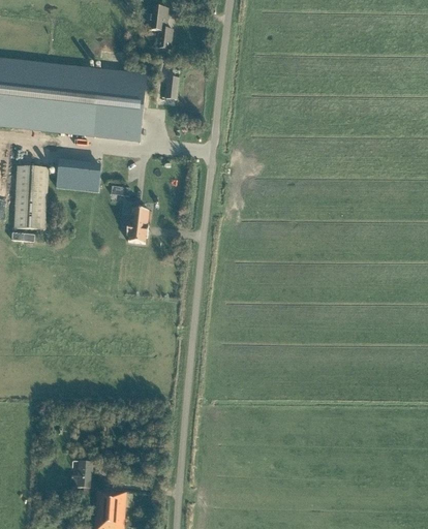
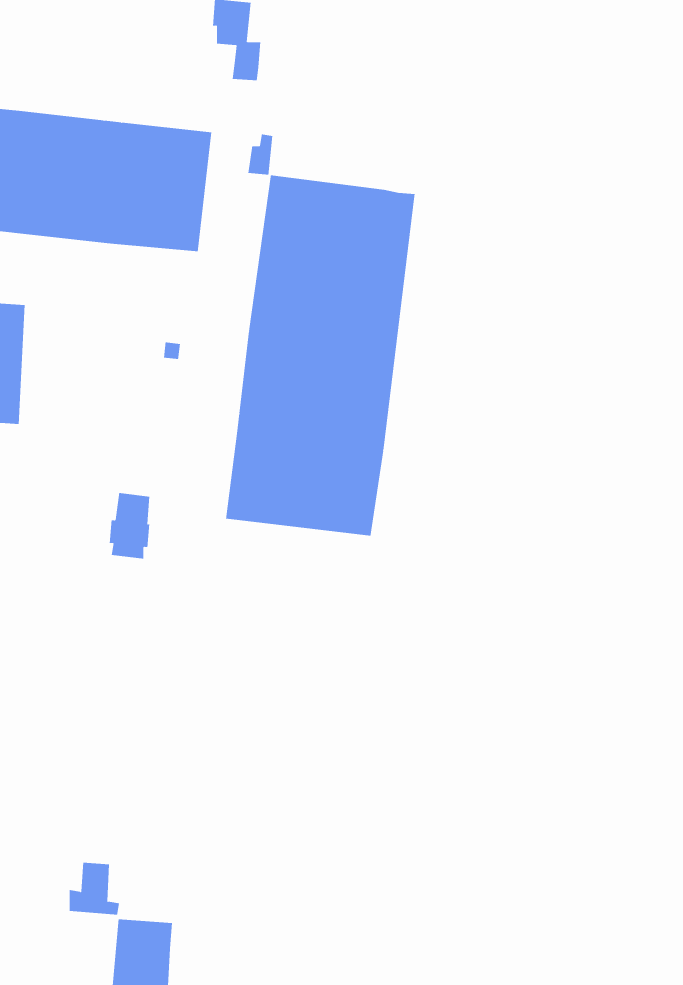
building: none -> [226,174,415,536]
building: [56,162,100,191] -> none
building: [126,209,148,244] -> [109,492,150,559]

